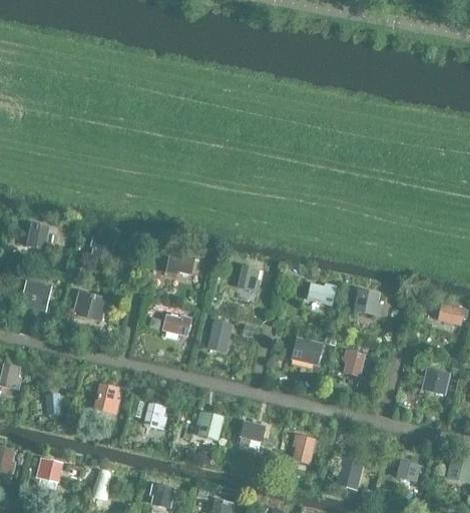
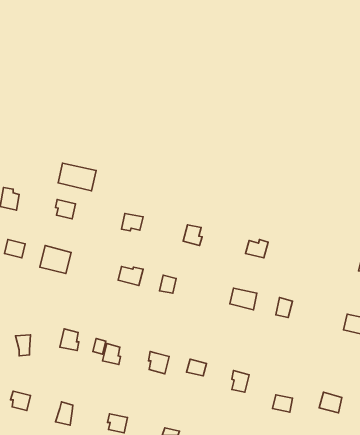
building: none -> [58,163,96,191]
building: [354,288,382,316] -> none

